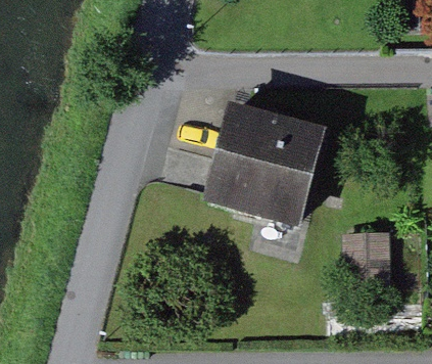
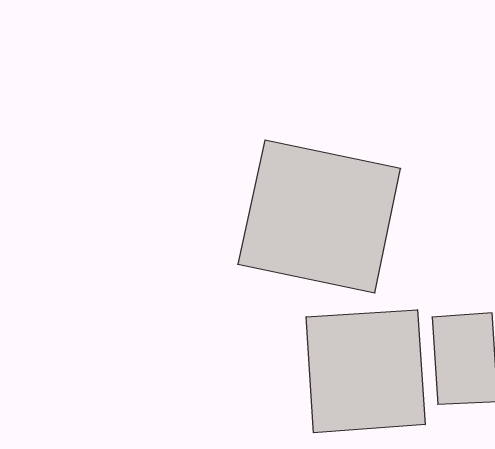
building: none -> [306,310,425,433]

